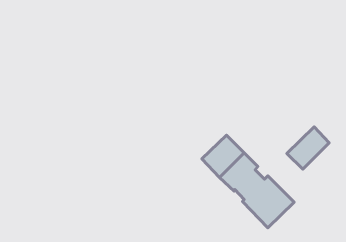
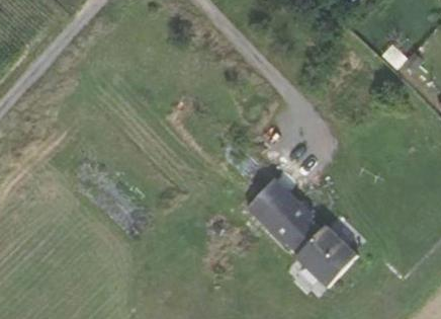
building: [287,127,329,169] -> none

